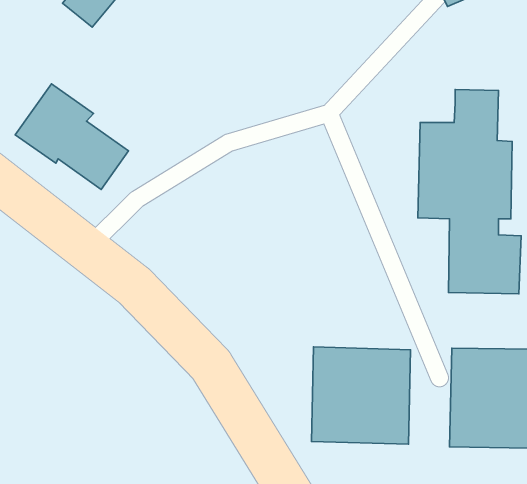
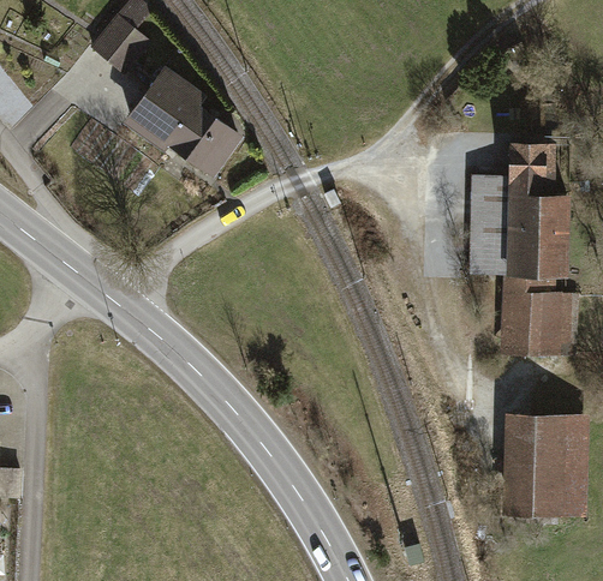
building: [15,84,129,189] -> [123,65,243,176]
building: [311,347,411,444] -> none

